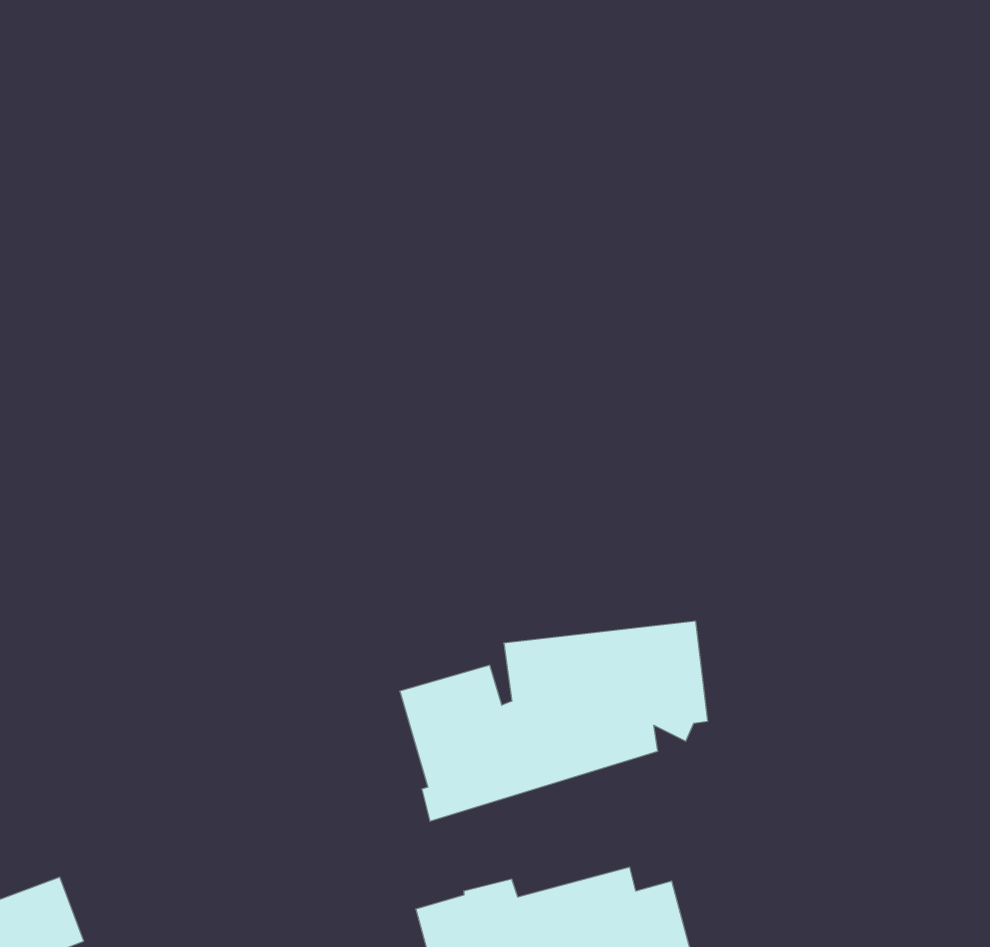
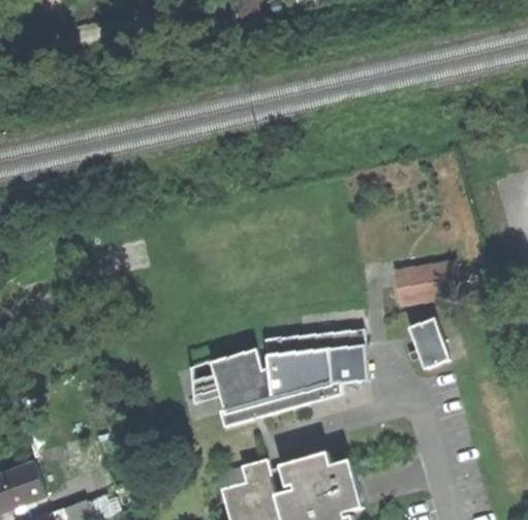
building: none -> [393,261,455,300]
building: none -> [406,315,448,367]

